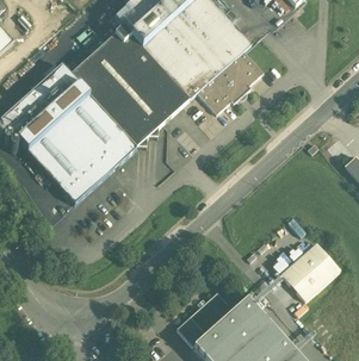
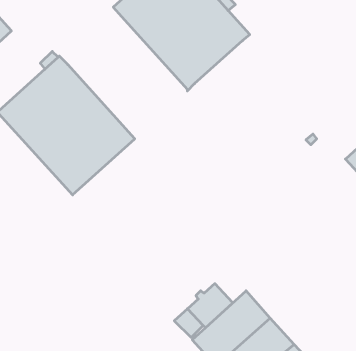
building: [69,25,188,147] -> none
building: [196,49,262,113] -> none
building: [280,241,340,299] -> none

